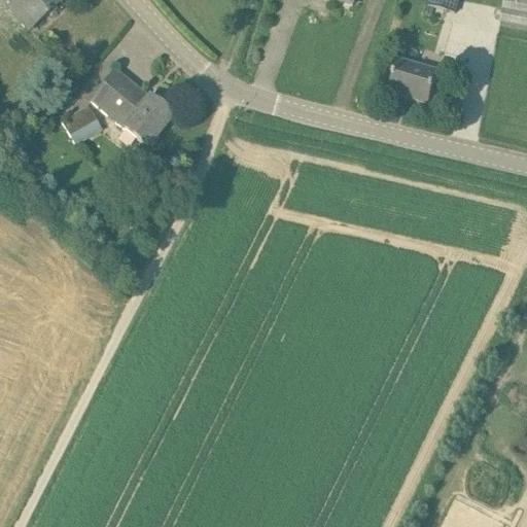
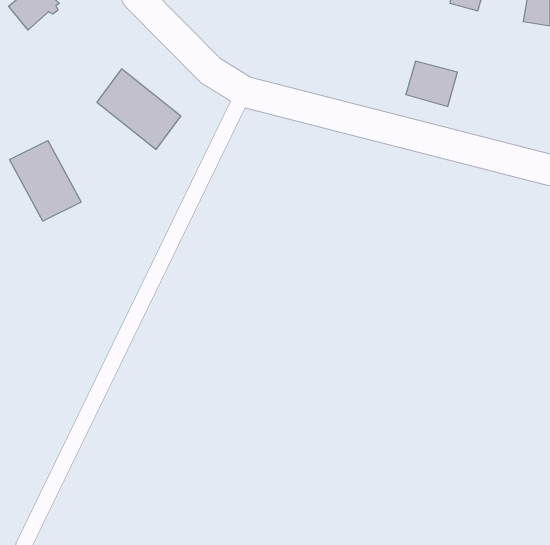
building: [61,104,97,136] -> none
building: none -> [10,141,81,221]

